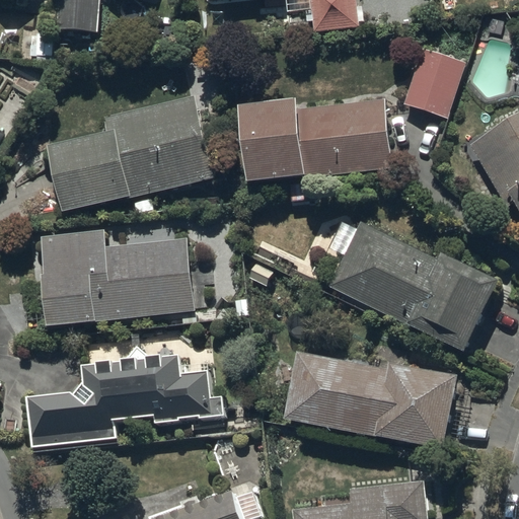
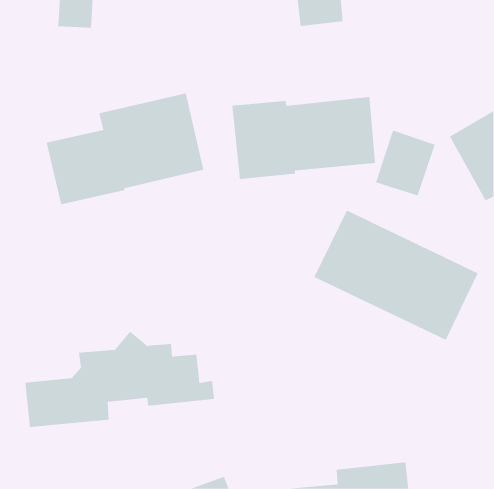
building: [401,46,464,115] -> [375,130,436,196]
building: [41,231,194,326] -> none
building: [282,349,457,451] -> none

